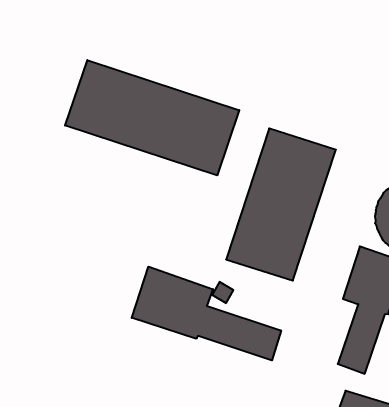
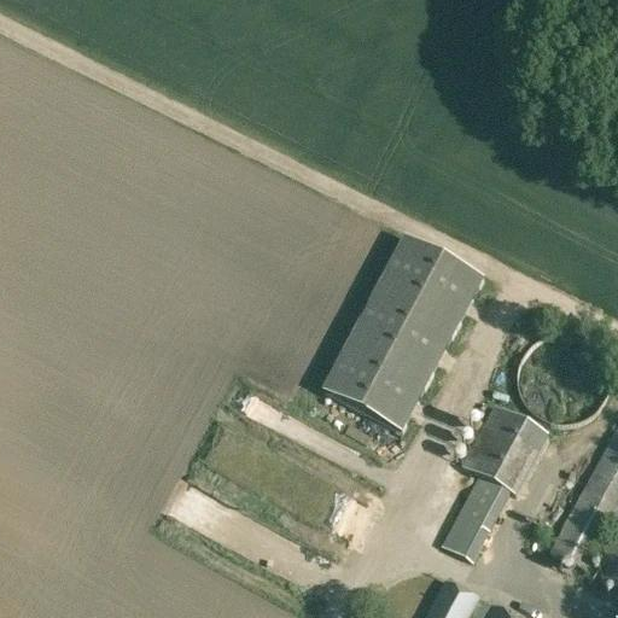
building: [65,60,239,175] -> none
building: [132,267,281,360] -> none

